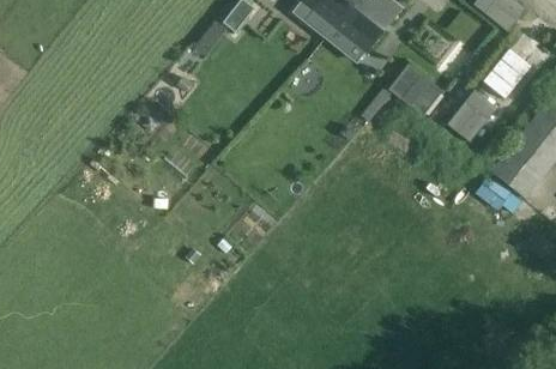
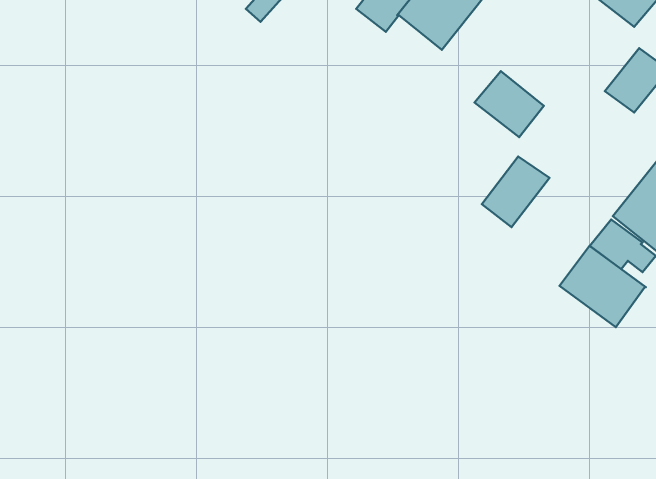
building: [449,95,498,146] -> [482,156,549,227]
building: none -> [559,246,646,327]

